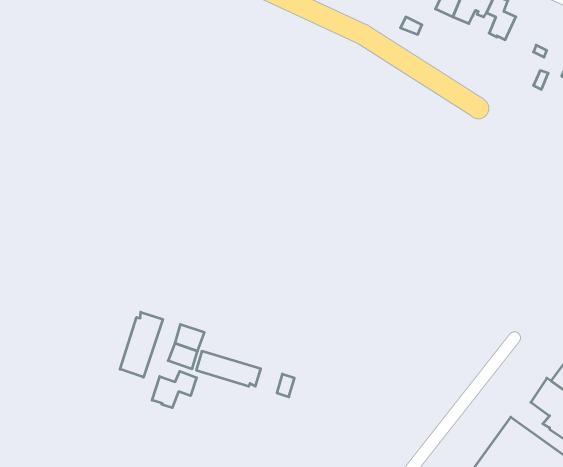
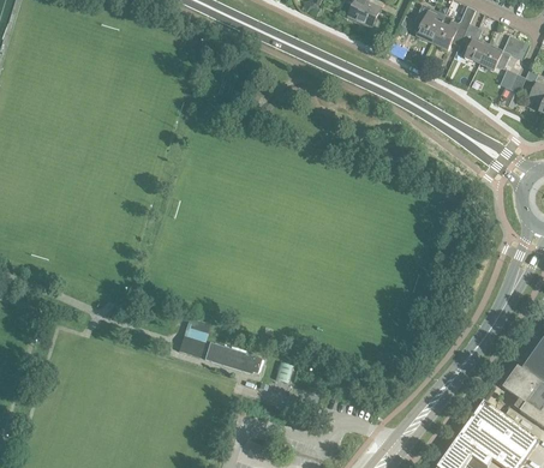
building: none -> [479,35,516,71]
building: [120,312,163,377] -> none
building: [152,371,197,408] -> none

